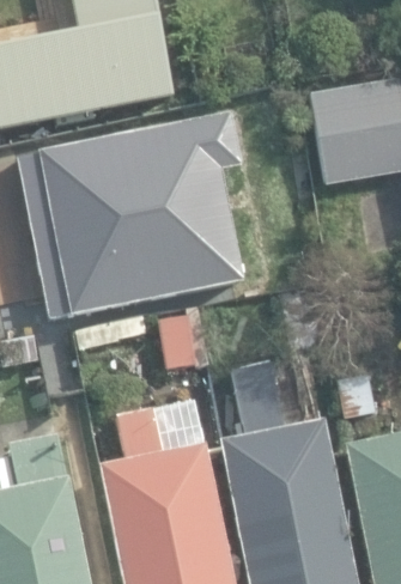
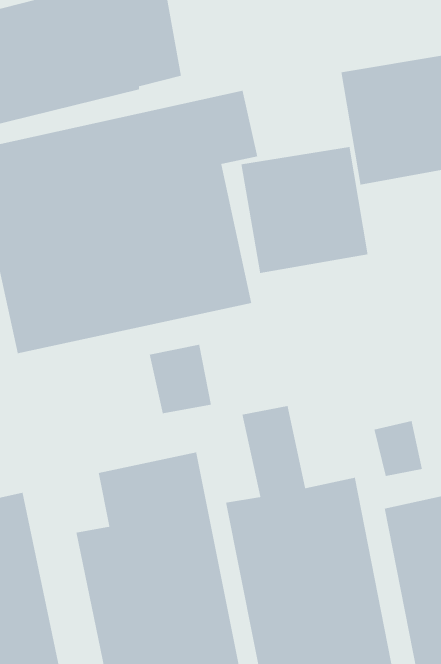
building: none -> [241,146,369,274]

